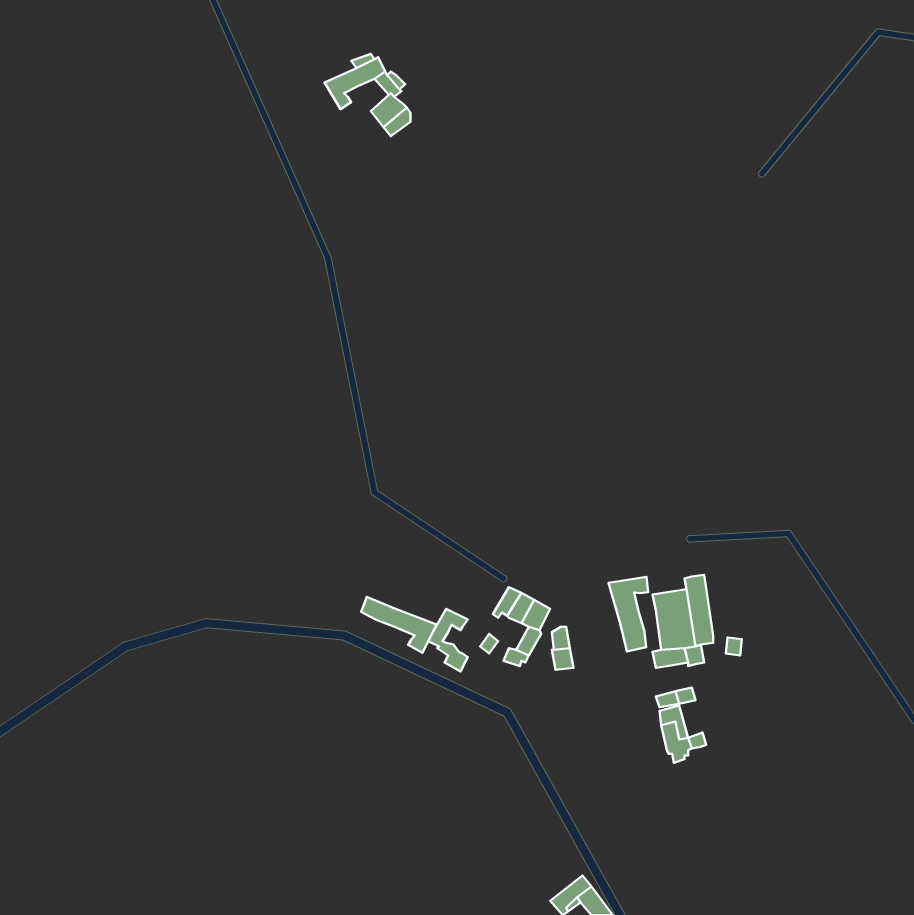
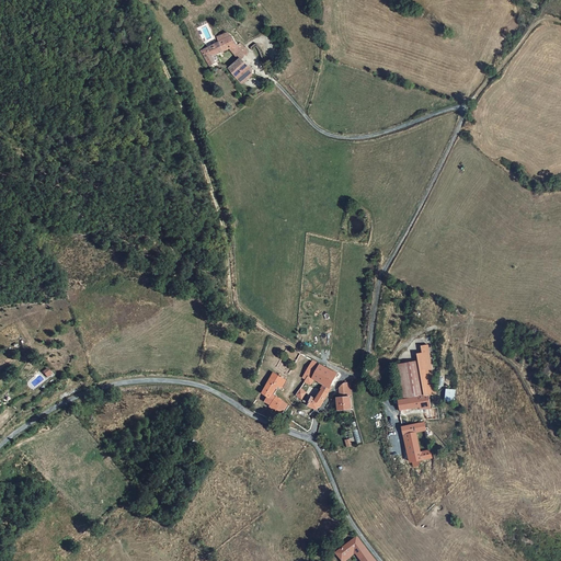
building: [608,577,648,652] -> none
building: [361,597,437,653] -> none

